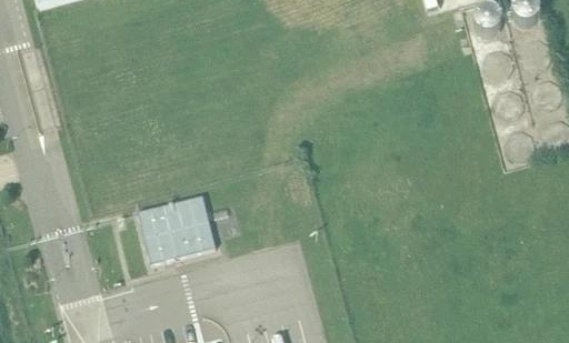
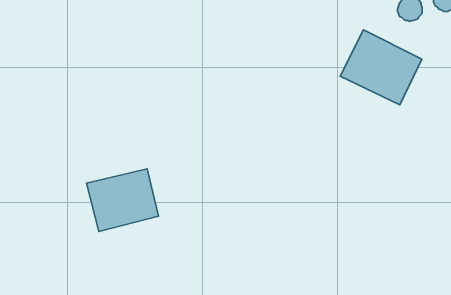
building: none -> [340,30,422,105]

